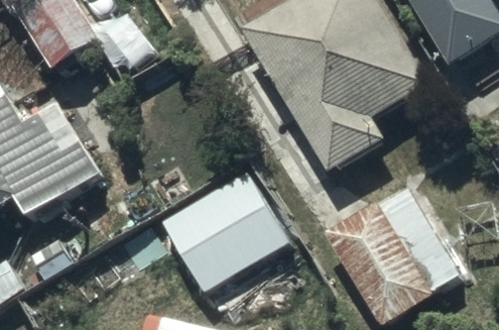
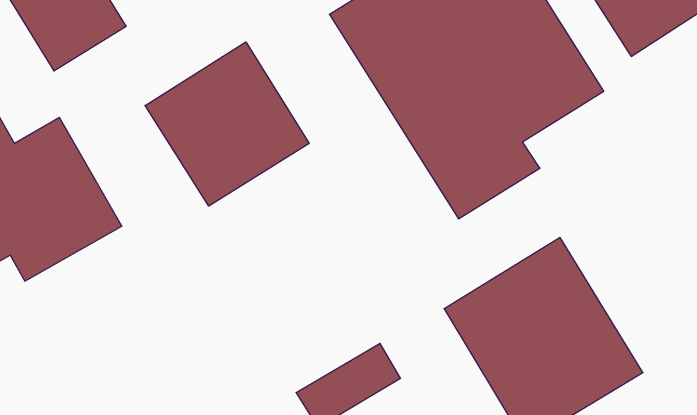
building: none -> [145,42,309,206]
building: [161,173,285,291] -> none

